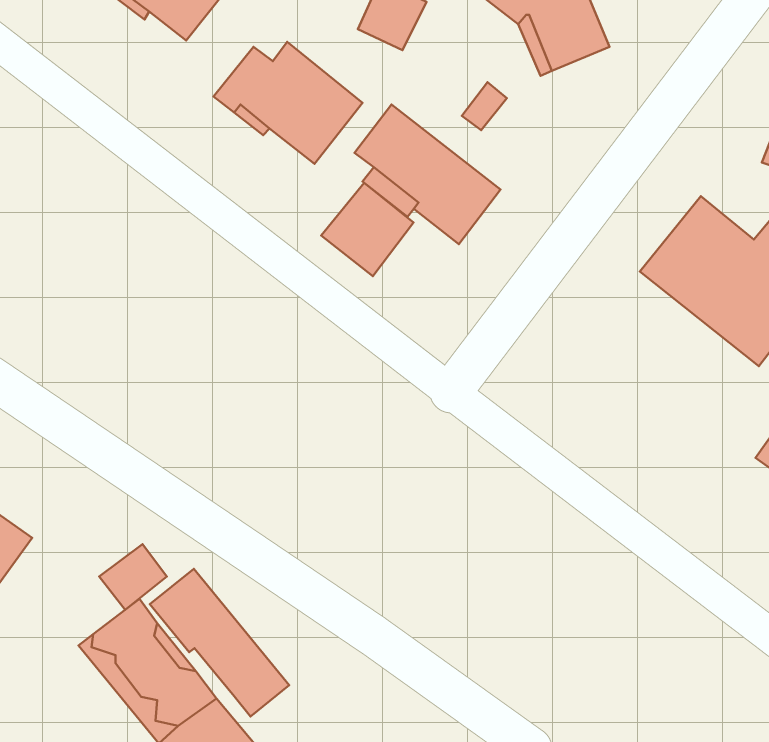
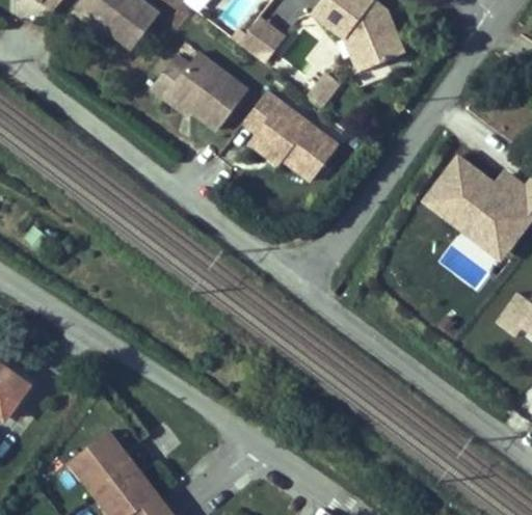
building: [321,183,413,276] -> none
building: [99,544,167,610] -> none
building: [150,569,289,717] -> none

